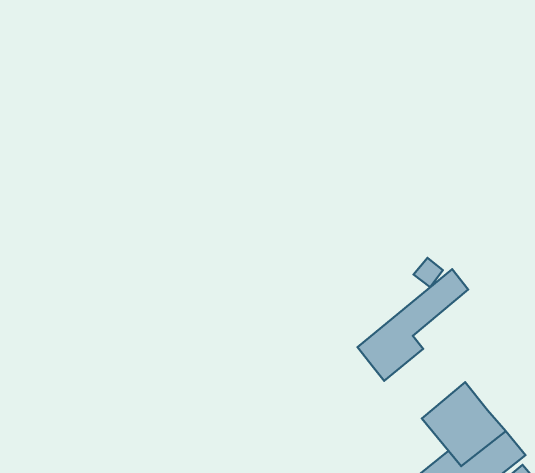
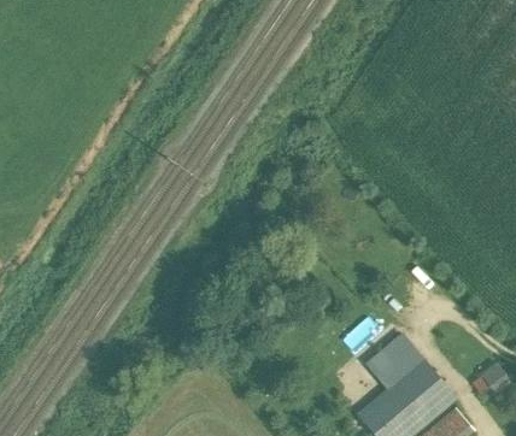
building: [358,269,468,381] -> none

